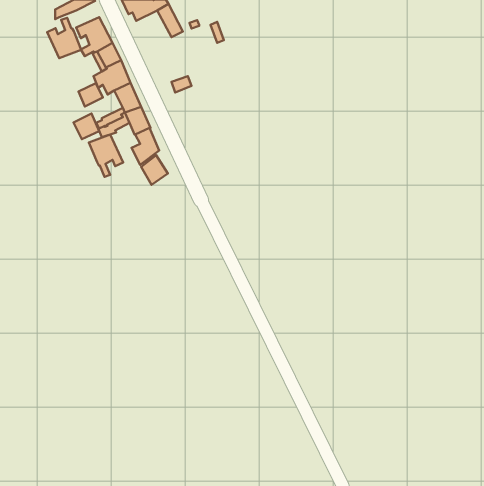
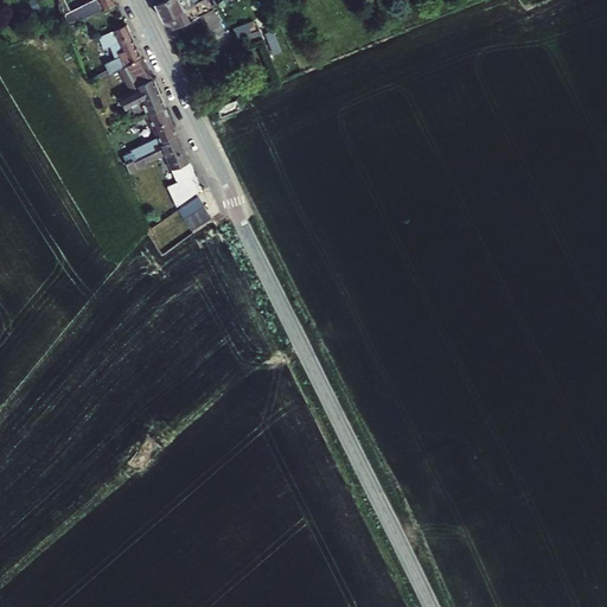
building: [47,18,81,58] -> none
building: [78,83,103,106] -> none
building: [74,114,99,139] -> none
building: [89,135,123,177] -> none

